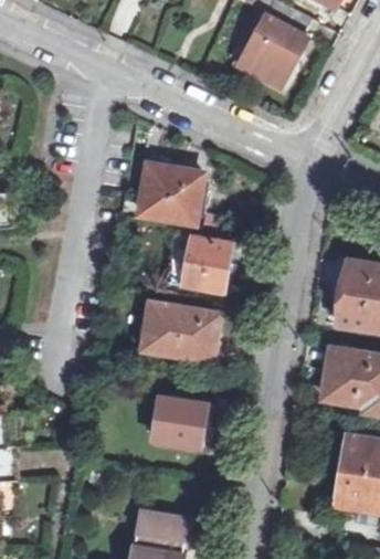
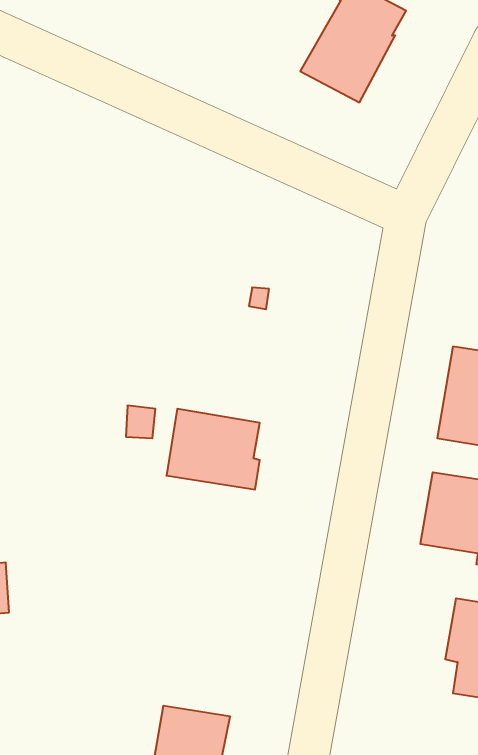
building: [136,165,199,223] -> none
building: [182,238,229,293] -> none
building: [152,399,211,450] -> none

